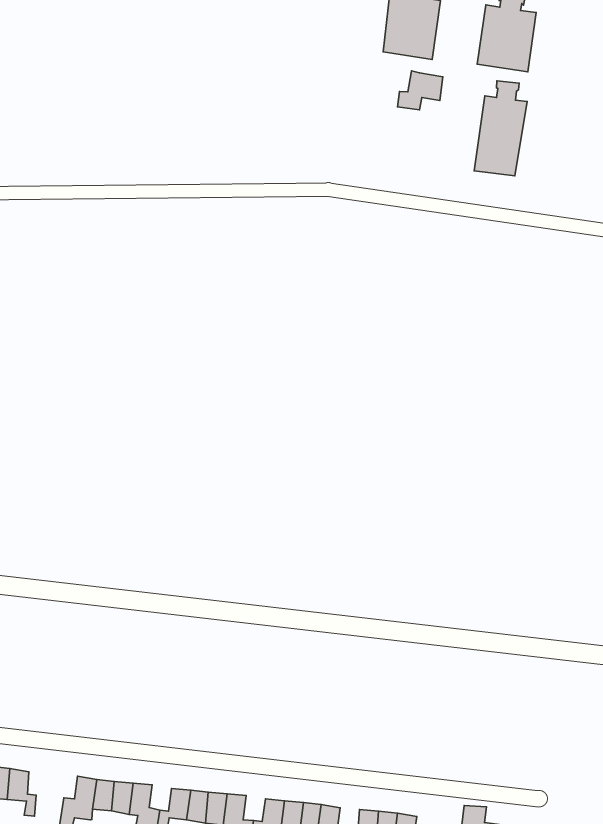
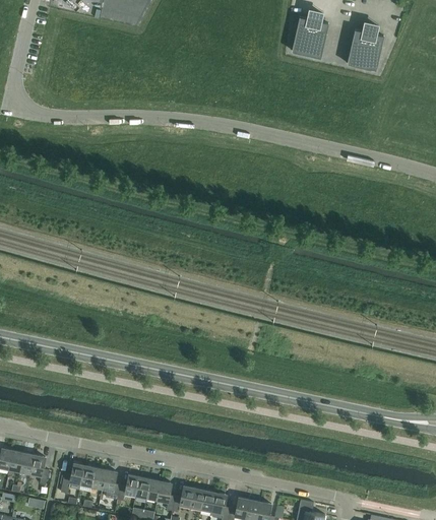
building: [398,71,443,110] -> none
building: [474,81,527,176] -> none

